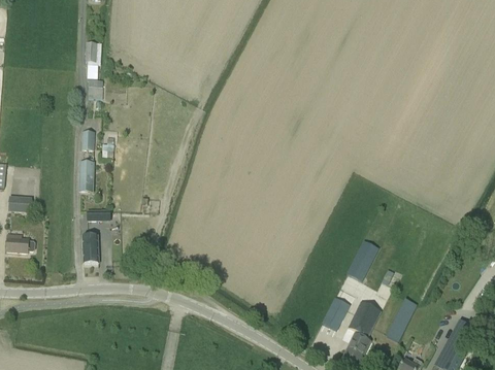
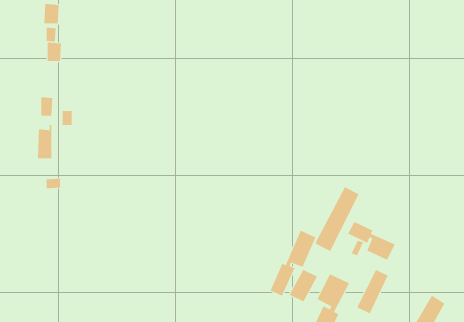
building: [82,235,98,263] -> none
building: none -> [348,221,395,261]
building: none -> [270,230,316,297]

